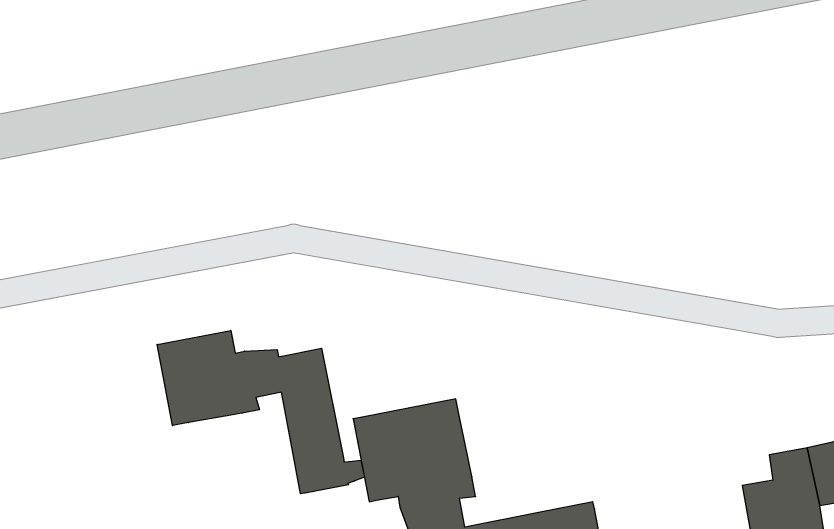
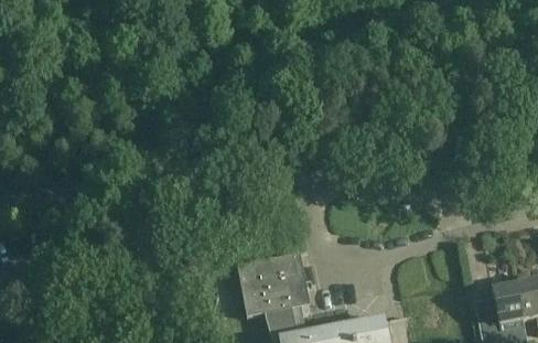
building: [157,330,364,494] -> none

